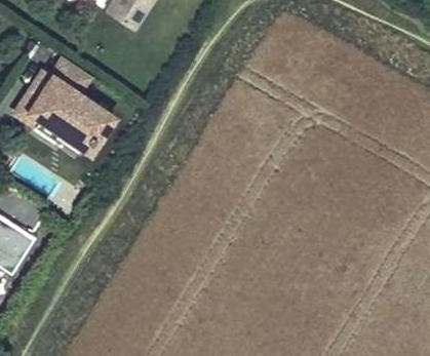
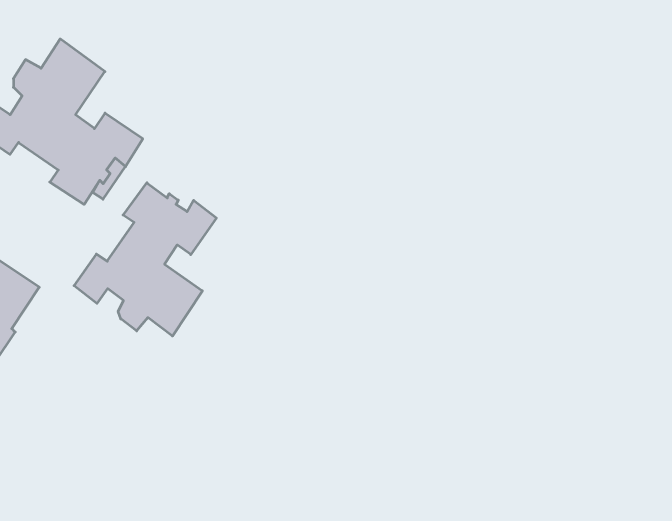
building: none -> [74,183,216,336]

